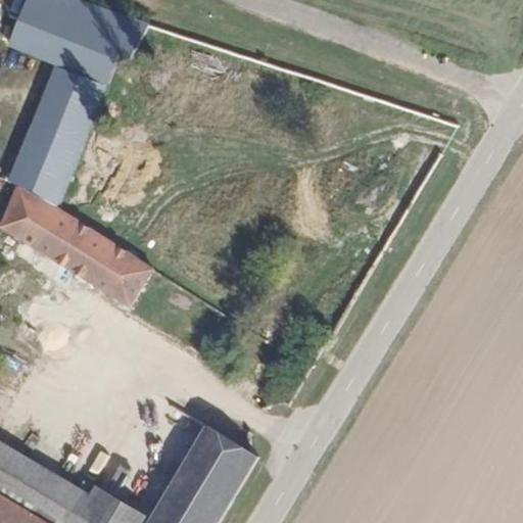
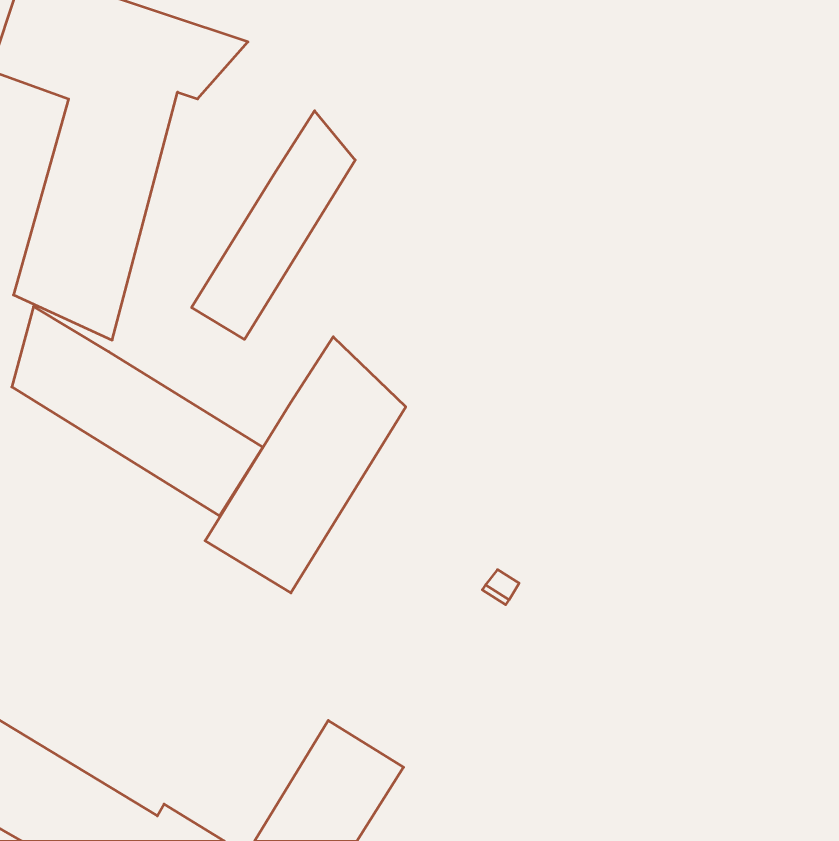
building: none -> [192,111,355,339]
building: none -> [205,337,406,593]

